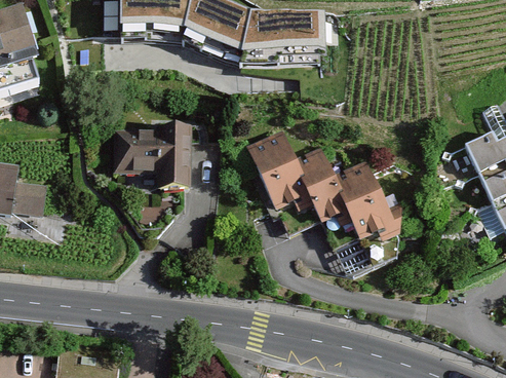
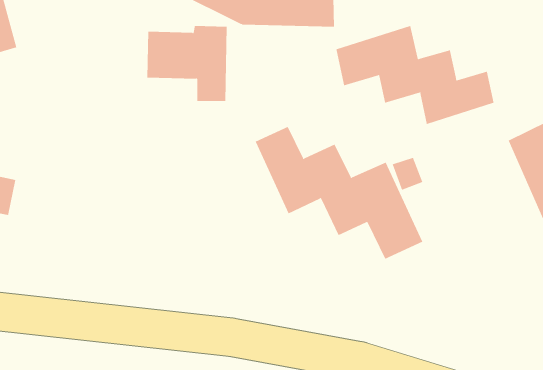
building: none -> [336,25,494,125]
building: [118,127,188,193] -> [146,25,228,102]

